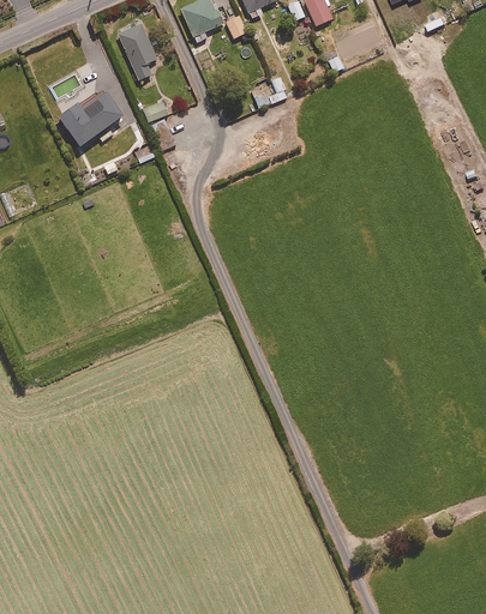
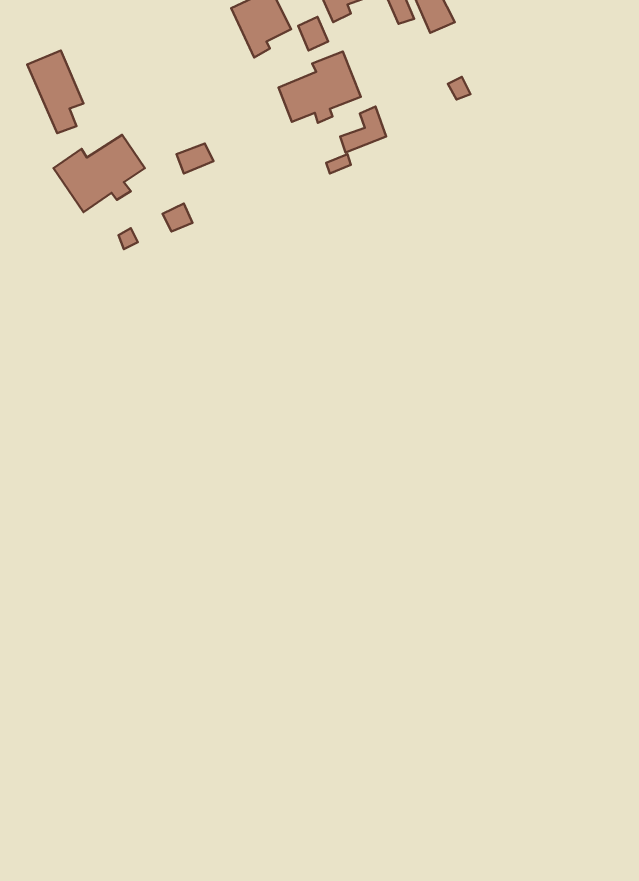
building: [118,22,156,78] -> [27,51,84,133]
building: none -> [279,52,361,123]

